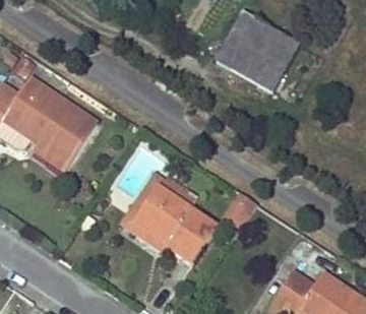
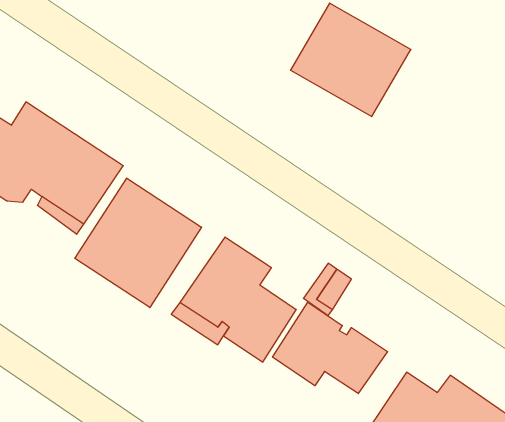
building: none -> [75,178,202,308]
building: none -> [272,302,388,394]

